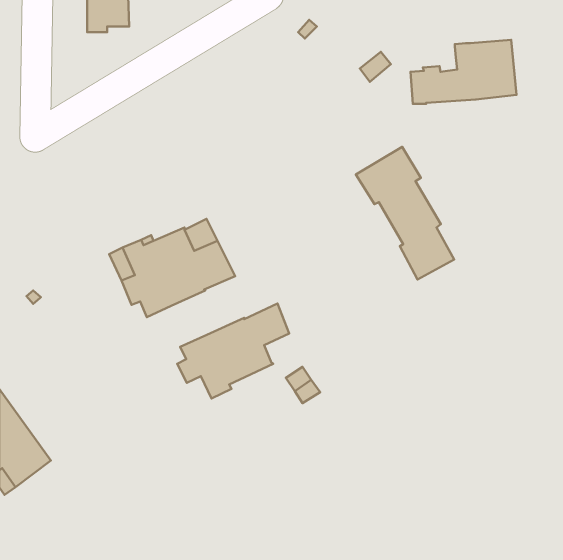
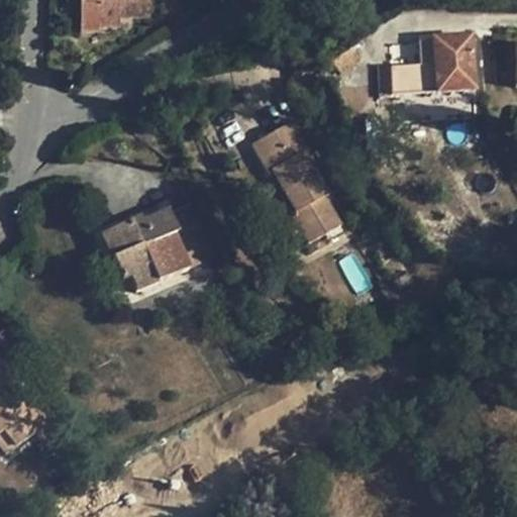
building: [356,147,454,279] -> [250,119,340,240]
building: [177,303,289,398] -> none

